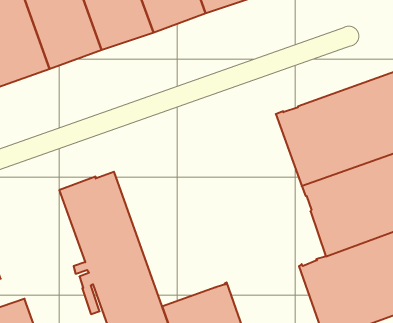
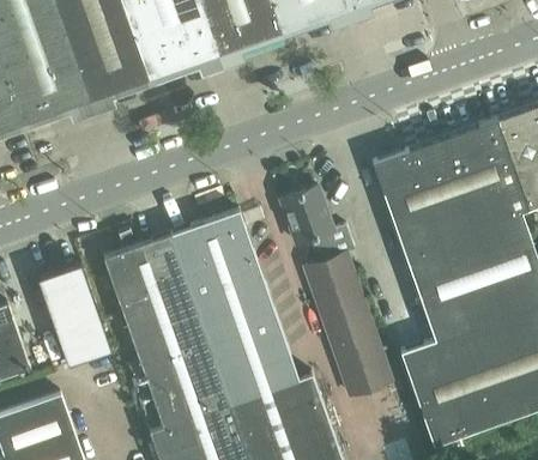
building: none -> [282,187,391,397]
building: none -> [171,210,298,402]
building: none -> [37,264,111,365]

